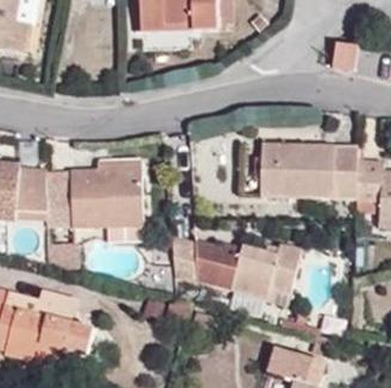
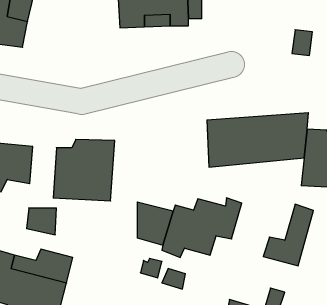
building: [40,171,72,230] -> none
building: [251,236,309,307] -> [263,204,313,266]

